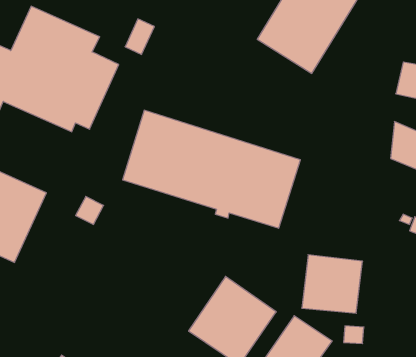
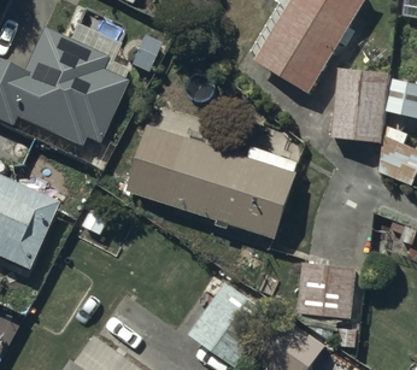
building: none -> [334,65,389,140]

